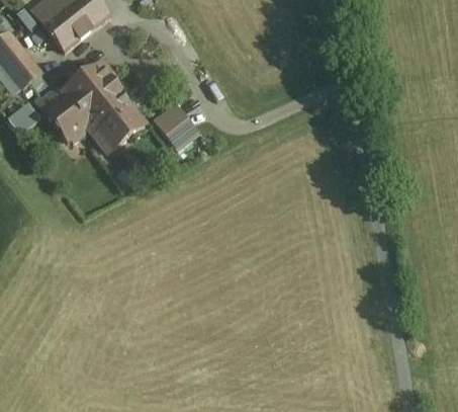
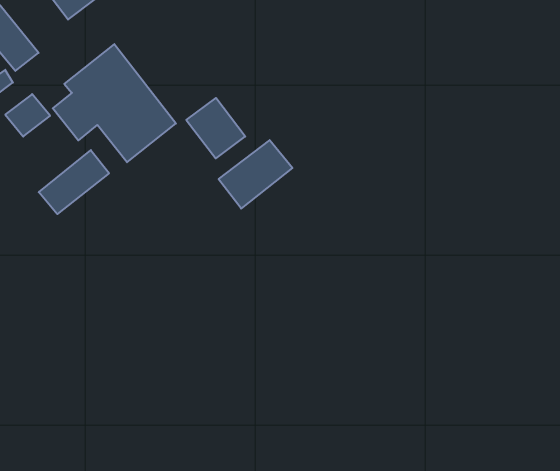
building: none -> [219,140,292,209]
building: none -> [39,150,109,214]

